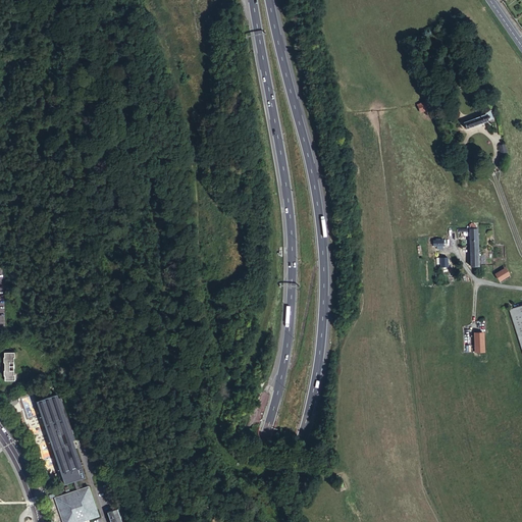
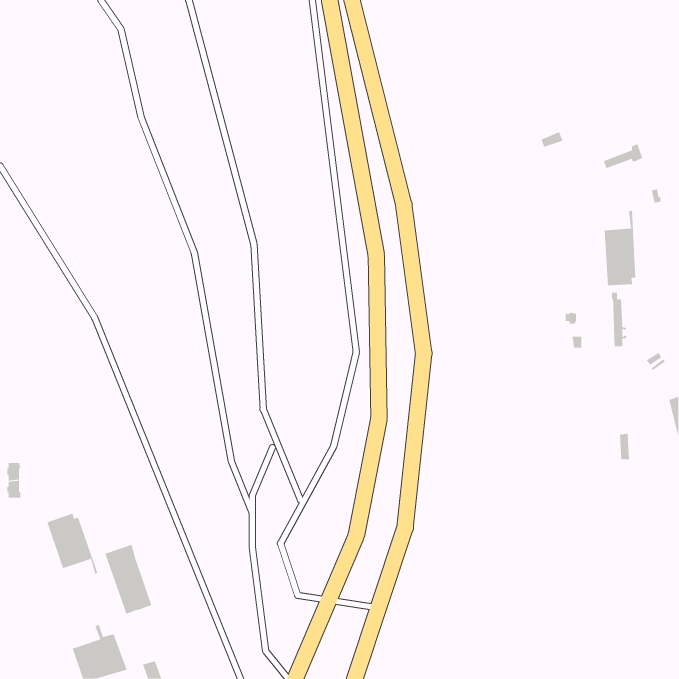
building: none -> [604,210,636,286]
building: [48,429,85,483] -> [104,544,152,615]

